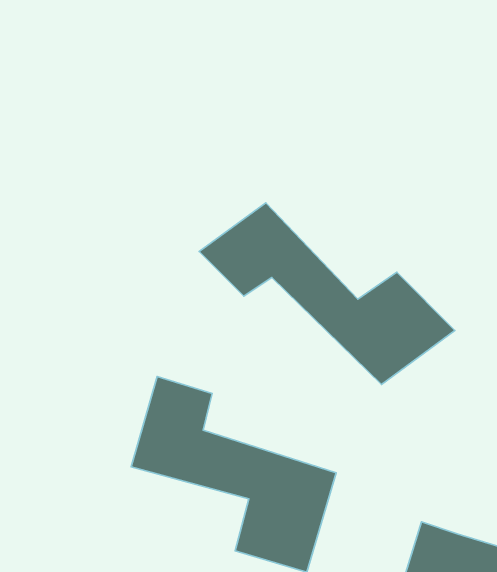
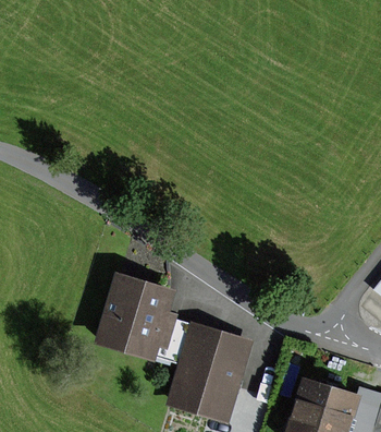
building: [199,203,455,385] -> none

